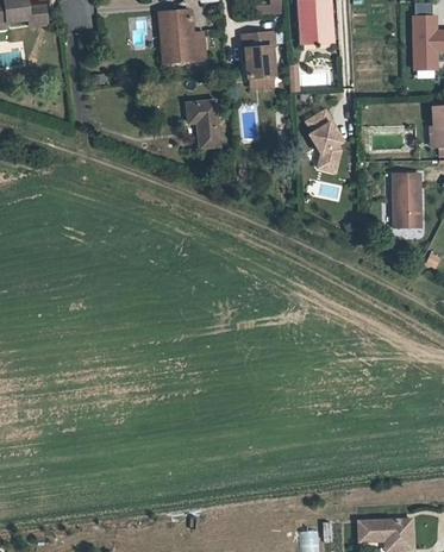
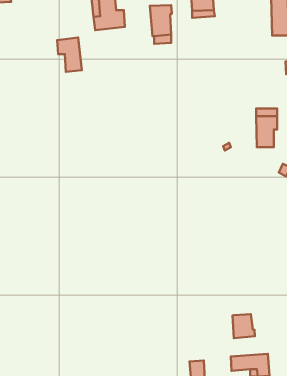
building: [187,99,221,148] -> [57,38,82,72]
building: [307,109,342,167] -> none
building: none -> [232,314,255,338]

